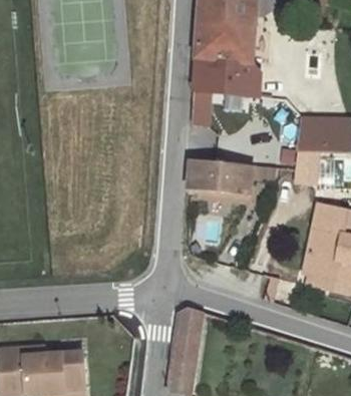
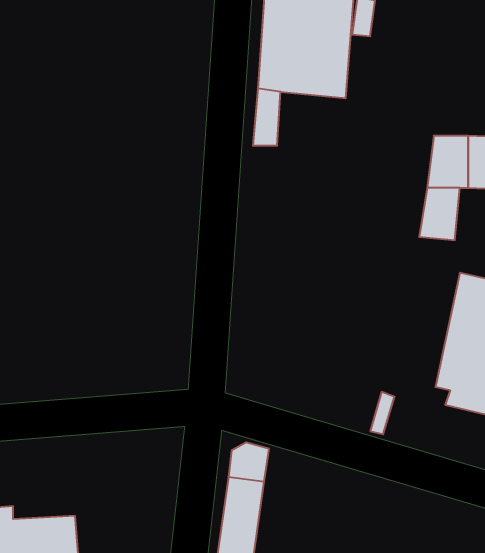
building: [186,159,275,195] -> none

